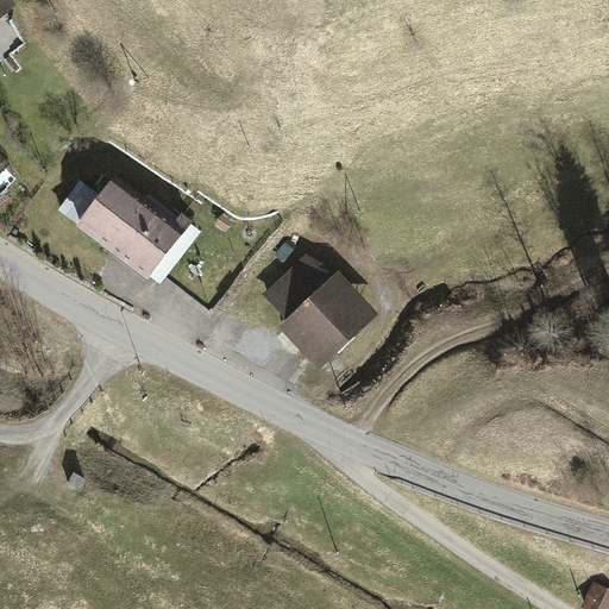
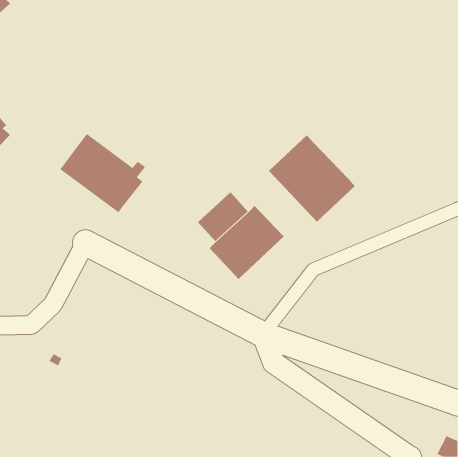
building: none -> [268,134,355,222]

